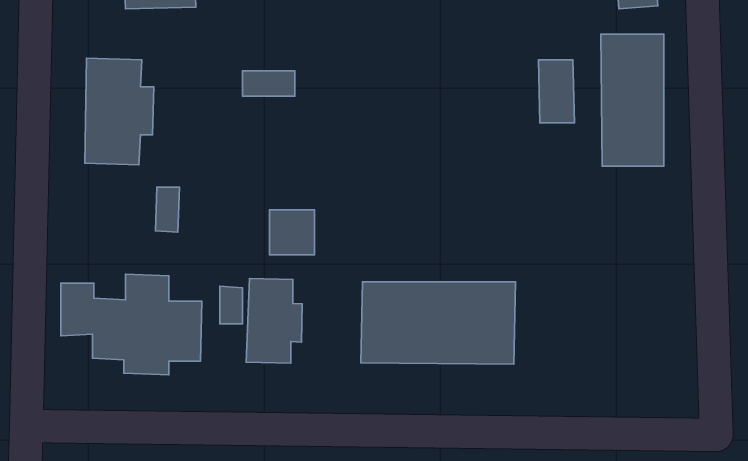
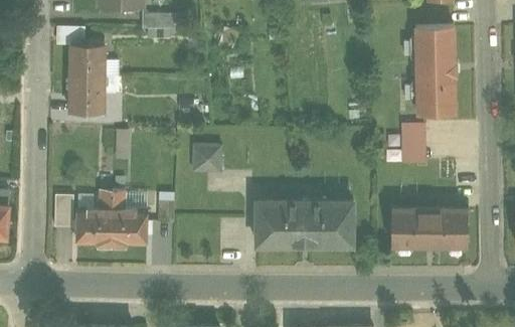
building: [538,60,574,123] -> [400,125,424,167]
building: [242,71,295,96] -> [141,15,176,32]
building: [246,278,302,363] -> none
building: none -> [390,203,469,253]

